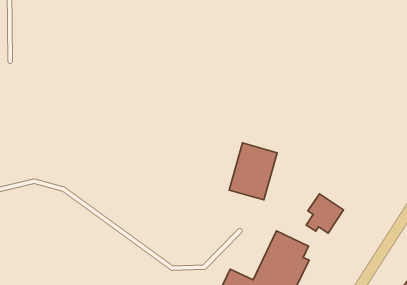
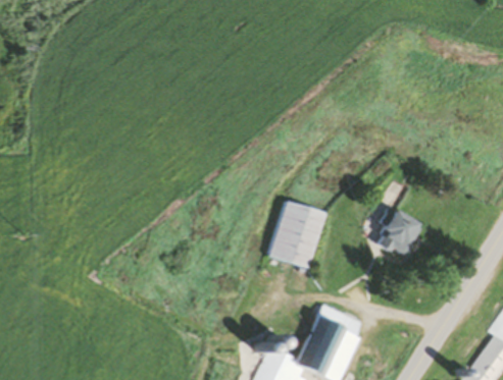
building: [306,194,343,233] -> [378,209,420,254]

